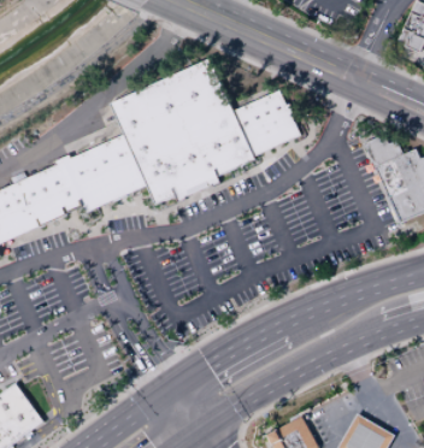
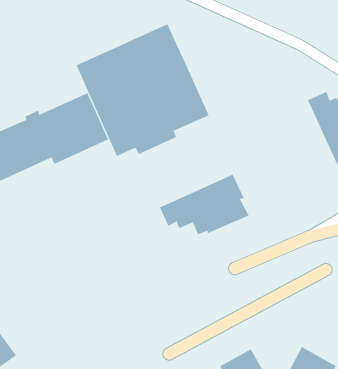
building: [234,90,302,158] -> none
building: none -> [159,174,249,235]

